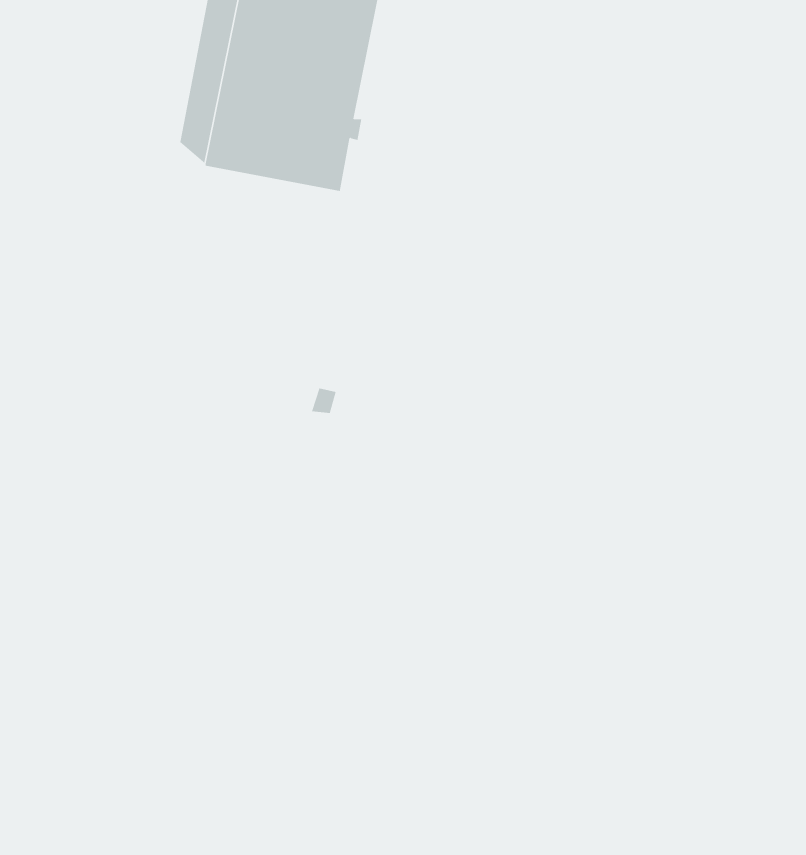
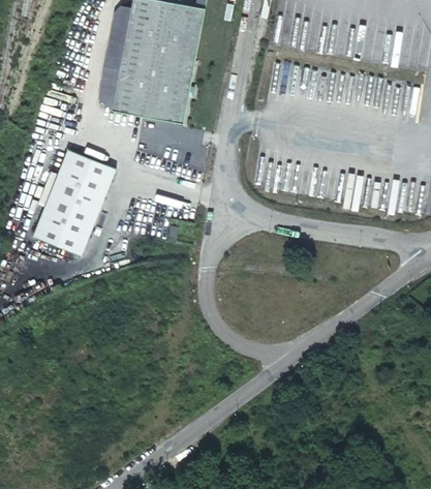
building: none -> [33,150,115,255]

